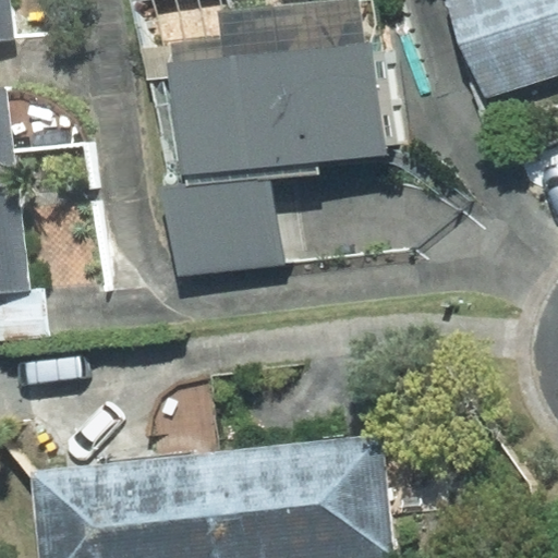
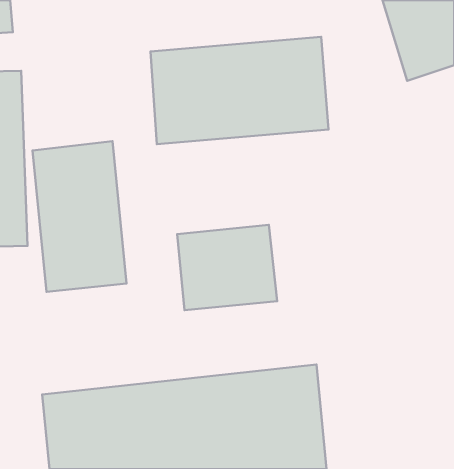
building: none -> [33,141,127,292]
building: [163,172,282,274] -> [177,225,277,310]

